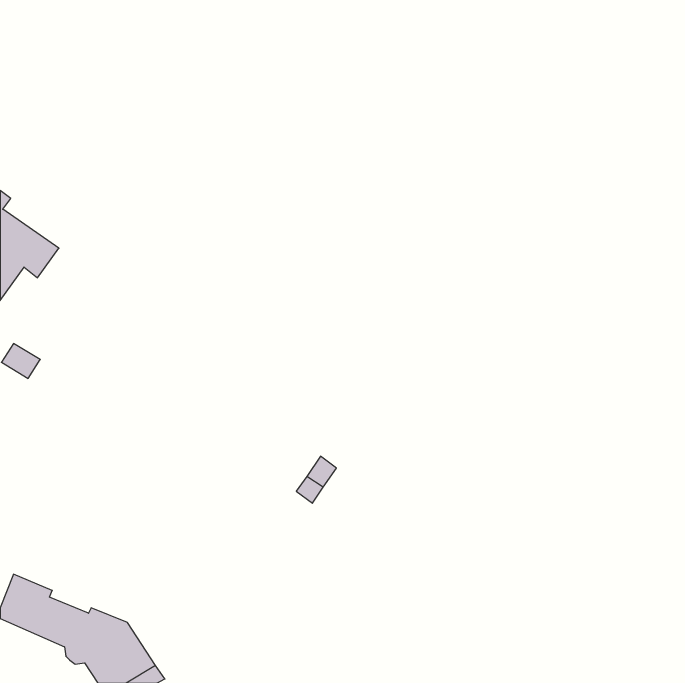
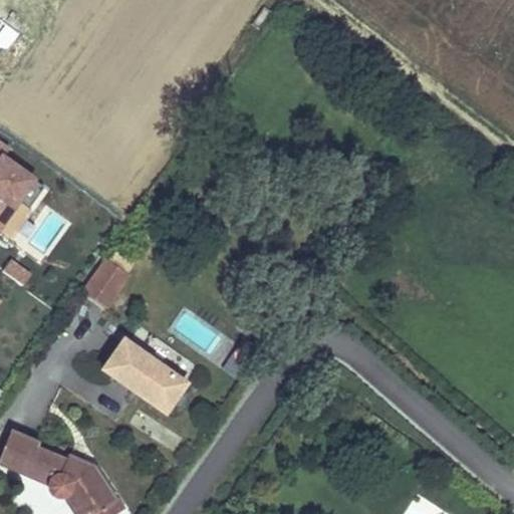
building: none -> [83,258,128,306]
building: none -> [102,338,186,413]

